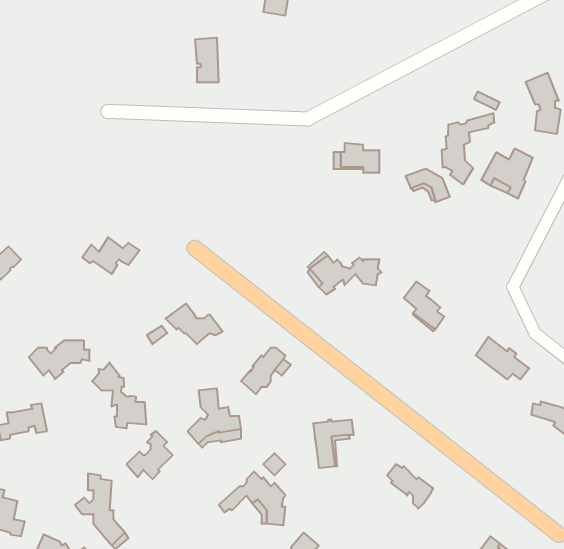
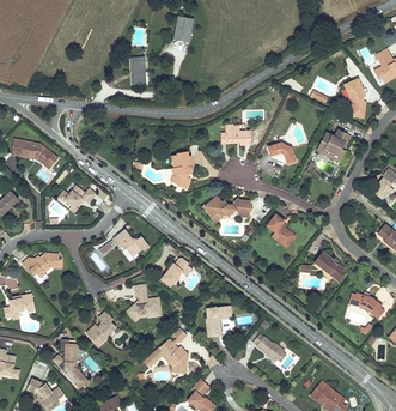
building: [442,113,494,184] -> none
building: none -> [11,139,57,169]
building: none -> [170,152,194,191]
building: [92,362,146,428] -> none

